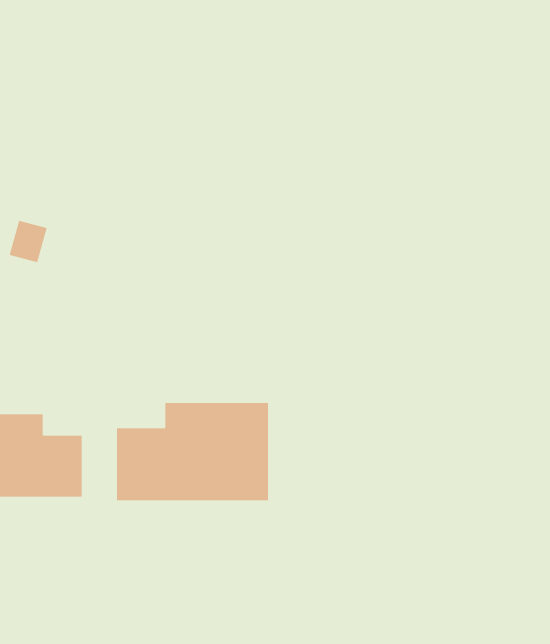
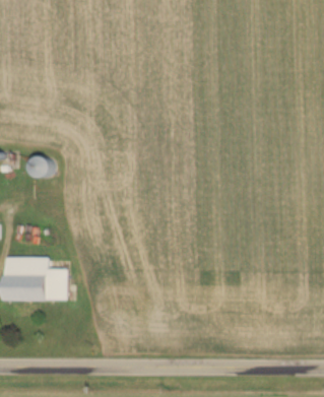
building: [116,402,269,501] -> none

